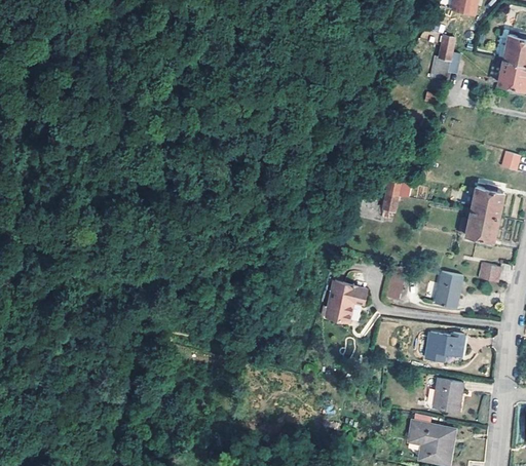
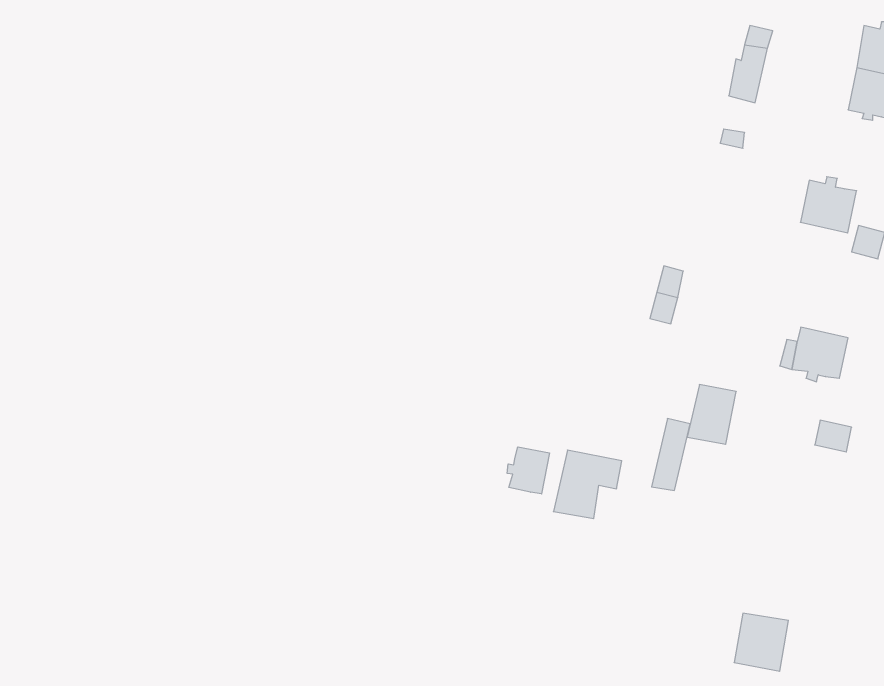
building: [471,184,503,217] -> [800,177,857,233]
building: [435,272,463,307] -> [687,385,736,444]
building: none -> [507,447,549,494]
building: [424,331,464,359] -> none

